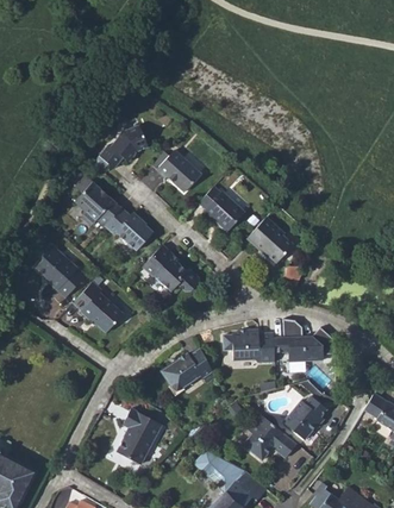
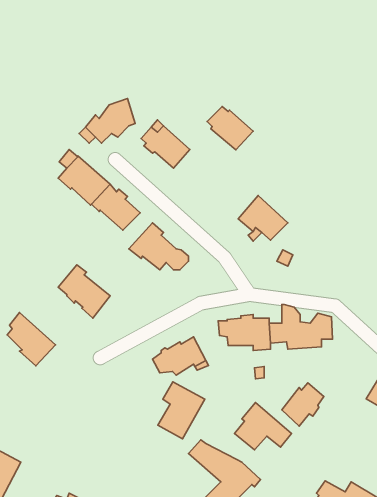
building: [198,187,242,228] -> [207,106,253,150]
building: [36,243,82,294] -> [7,313,56,366]
building: [119,407,164,462] -> [158,382,205,439]

